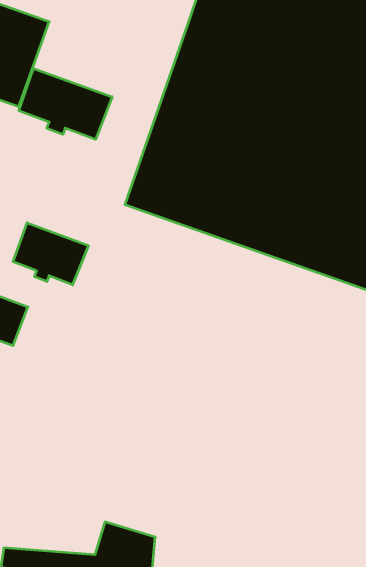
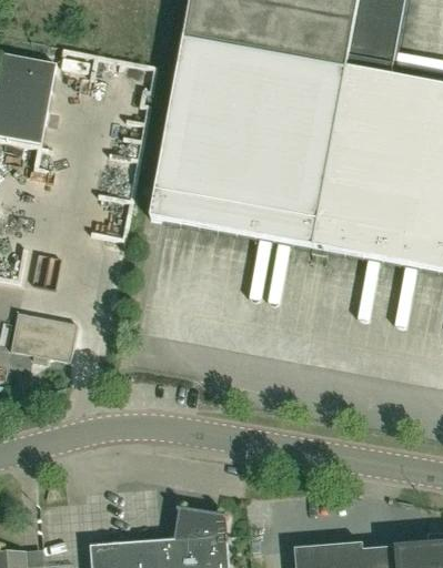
building: [19,69,112,139] -> none
building: [13,223,88,285] -> none

